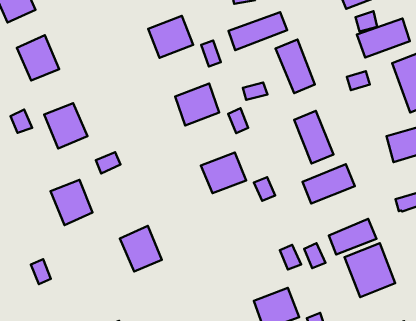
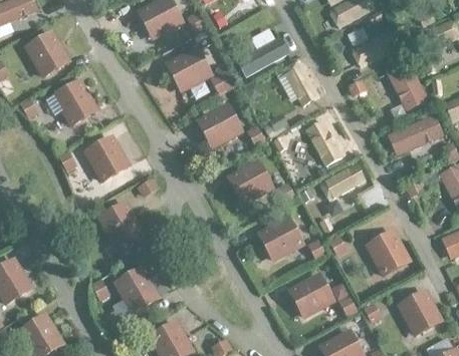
building: [329,219,376,255] -> none
building: none -> [259,220,300,259]
building: [120,226,162,271] -> [117,269,156,310]

